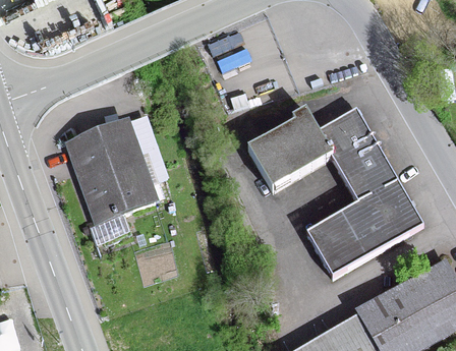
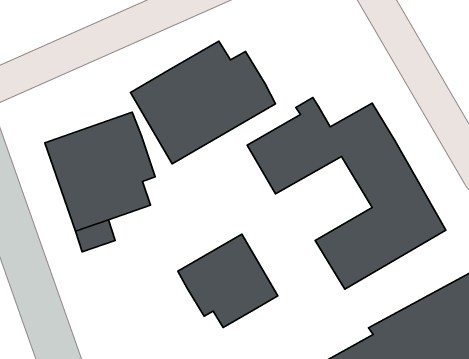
building: none -> [131,41,276,164]
building: none -> [178,234,278,327]

